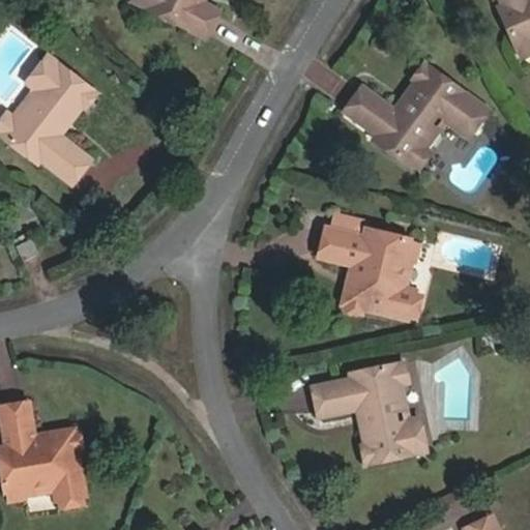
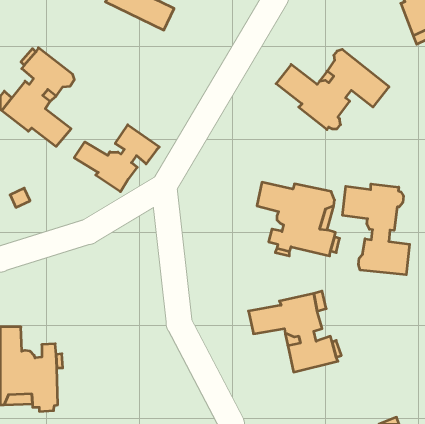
building: none -> [74,125,159,192]
building: none -> [343,184,410,275]

